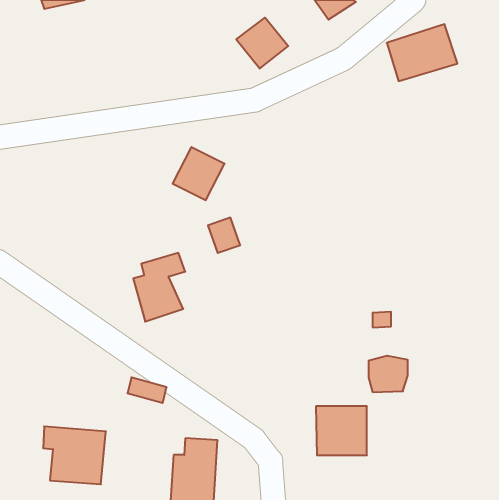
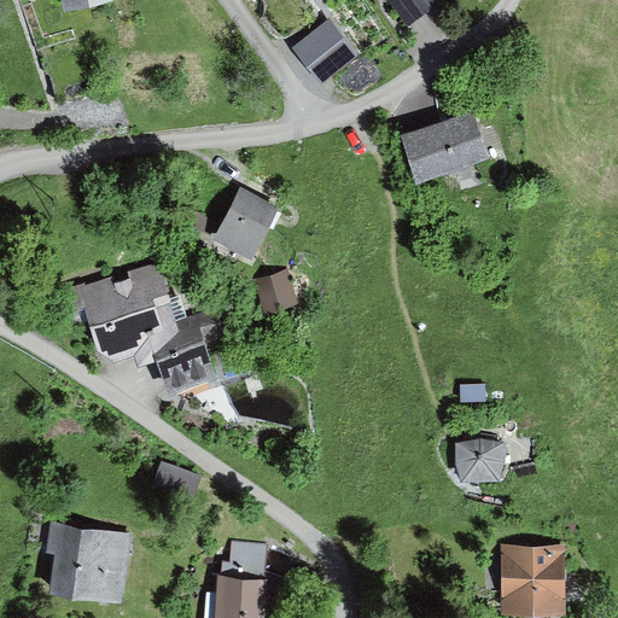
building: [387,24,457,81] -> [400,105,486,175]
building: none -> [93,272,177,360]
building: [316,406,367,455] -> [499,552,561,612]

